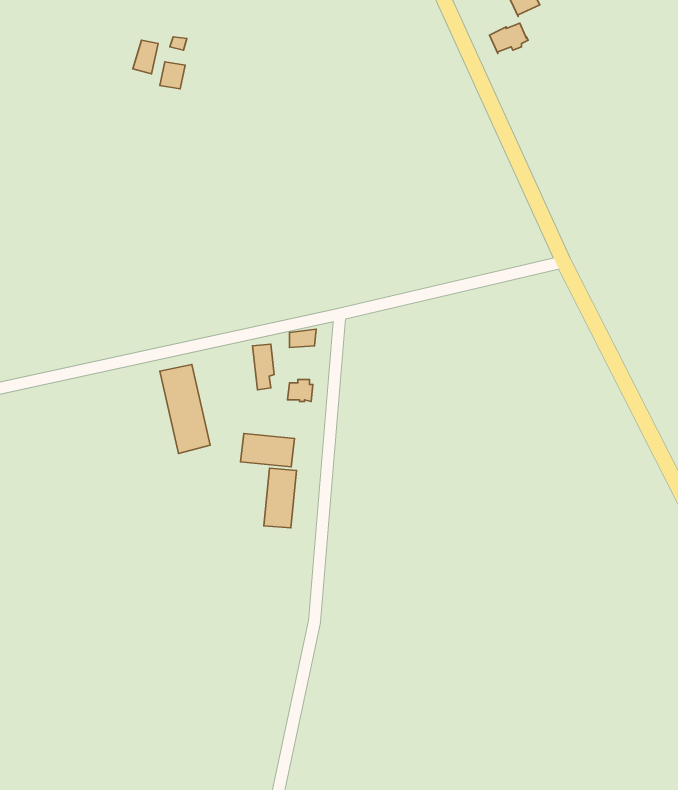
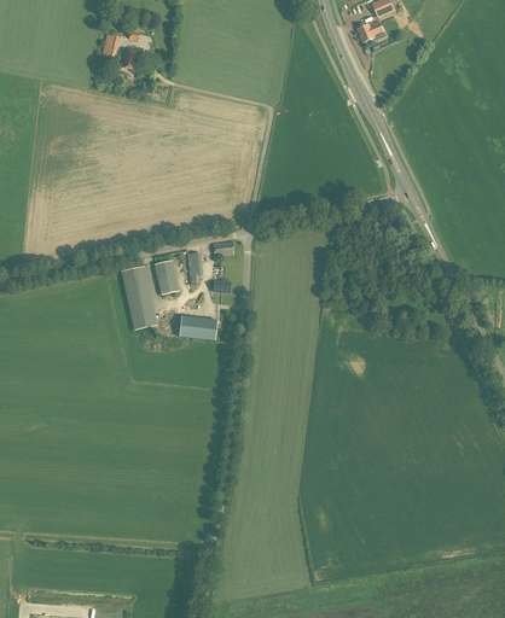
building: none -> [155,260,179,295]
building: [264,468,297,528] -> none

